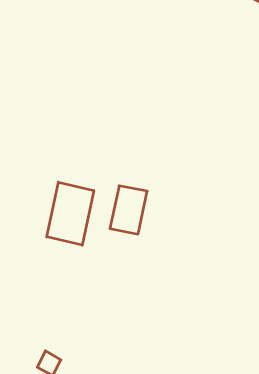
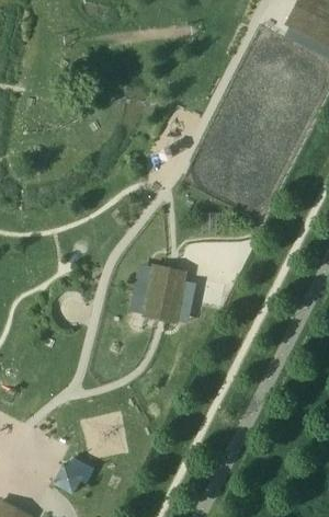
building: [47,182,94,245] -> none

